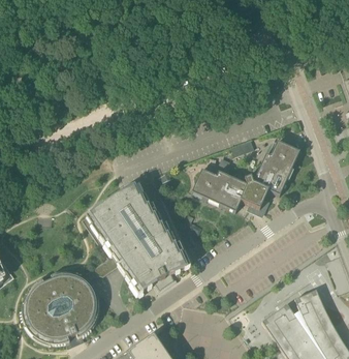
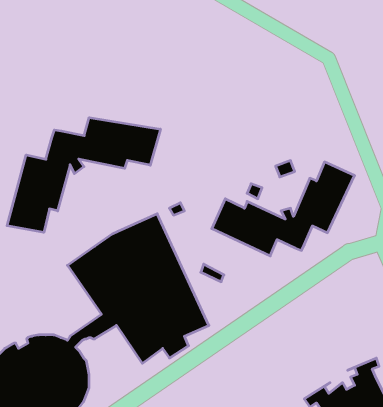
building: none -> [7,118,160,232]

